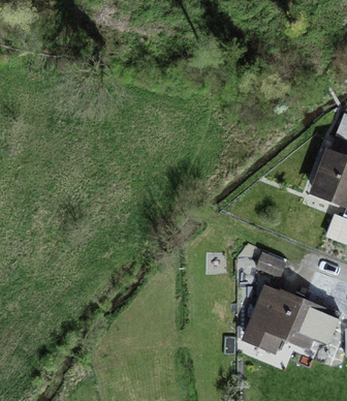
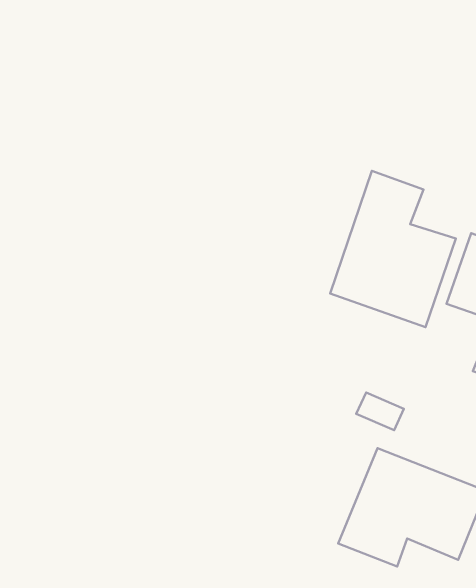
building: none -> [330,171,456,327]

